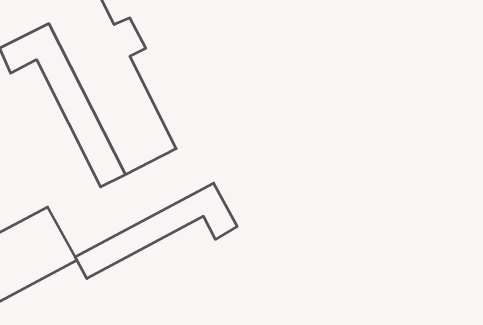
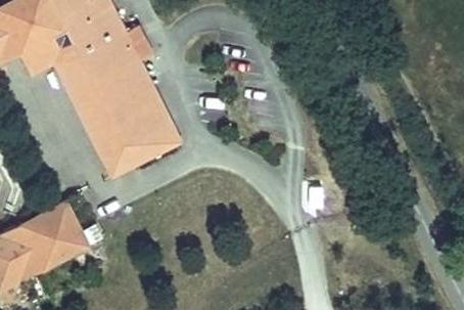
building: [75,183,237,279] -> none

